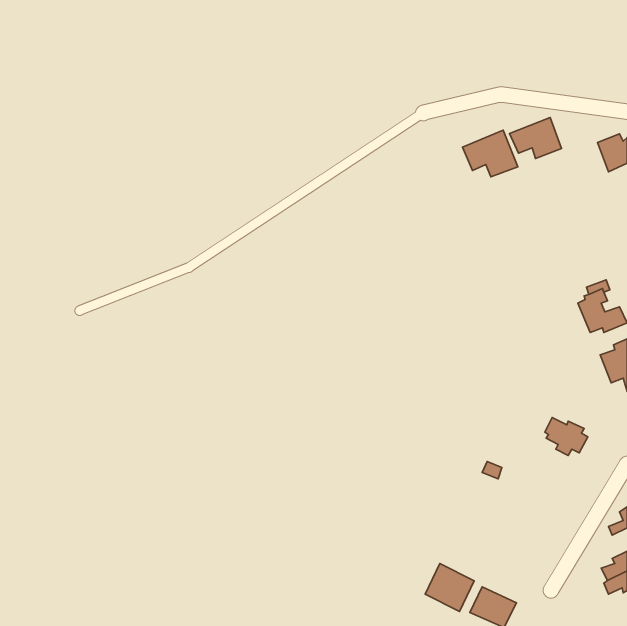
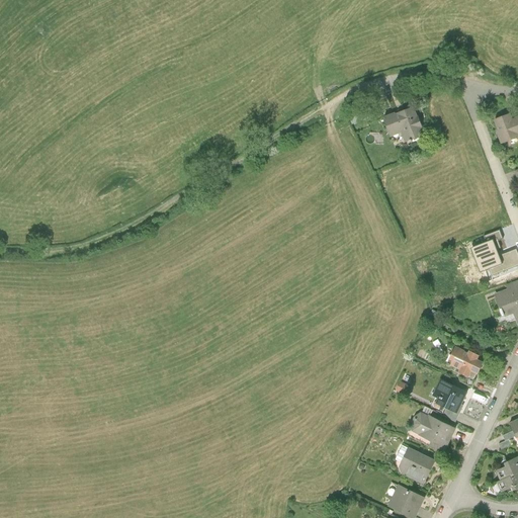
building: [510,117,562,159] -> none
building: none -> [432,377,469,414]
building: none -> [409,409,457,452]
building: [425,564,474,611] -> [397,445,437,485]

